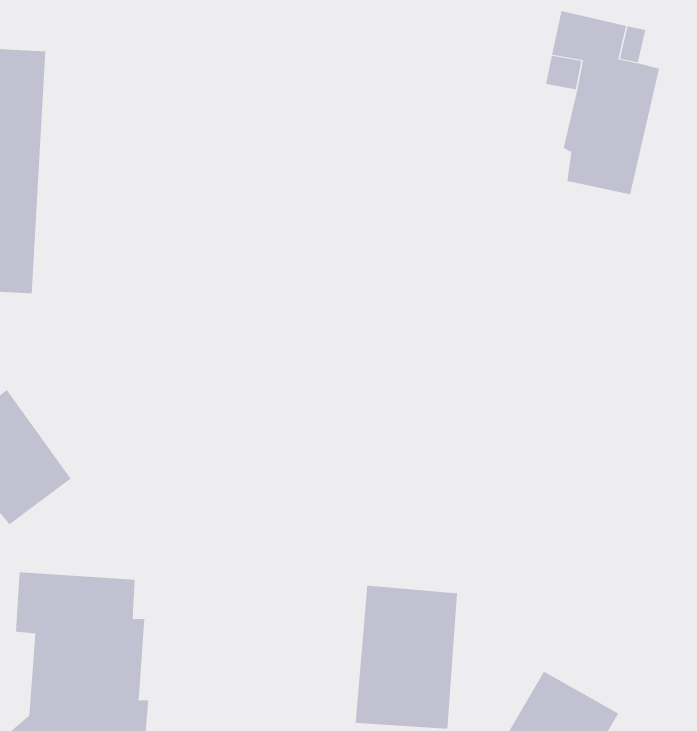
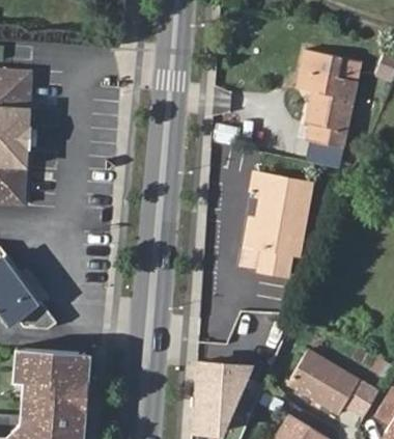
building: none -> [238,173,310,274]
building: none -> [292,352,363,414]

